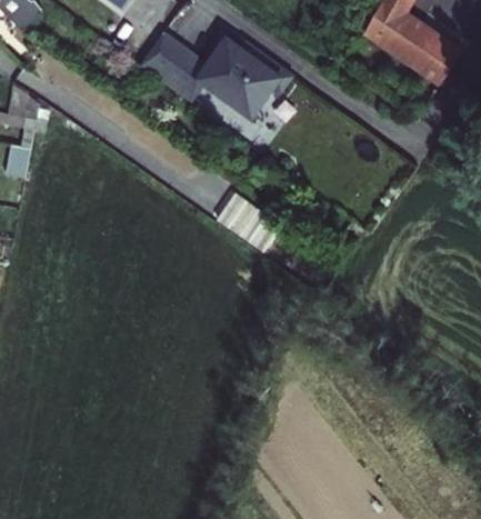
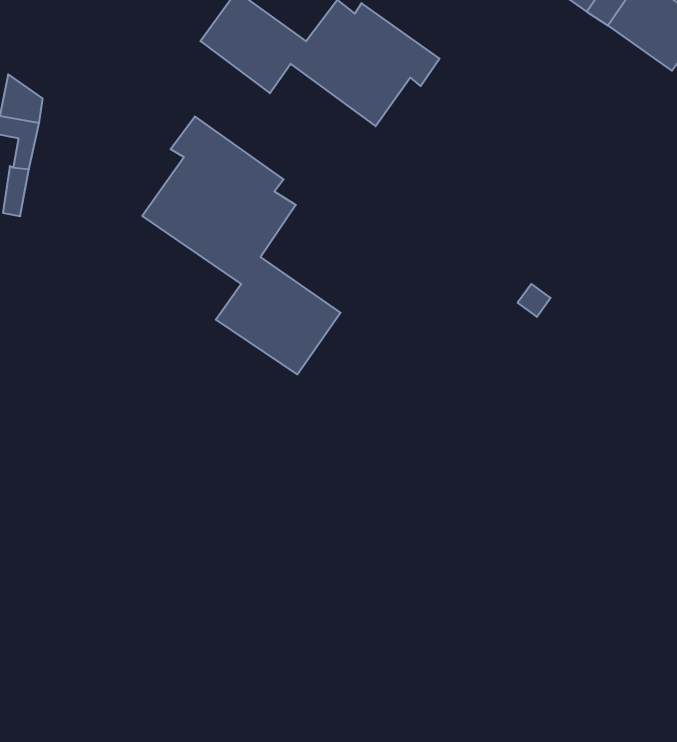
building: none -> [142,116,341,374]

